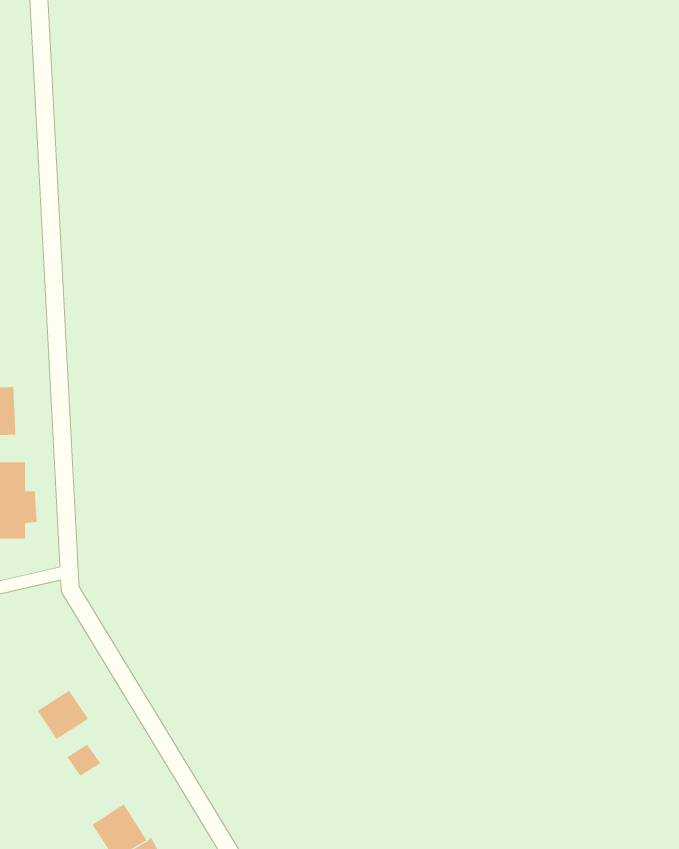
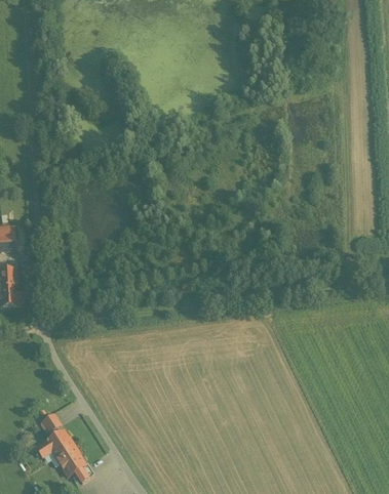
building: [37,690,89,740] -> [45,430,73,457]

